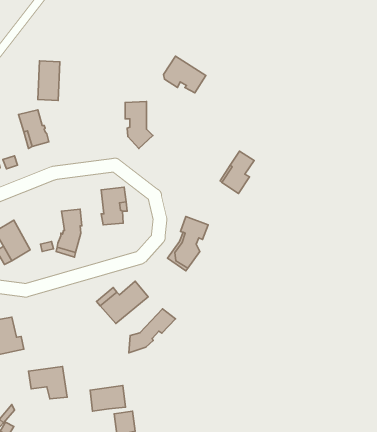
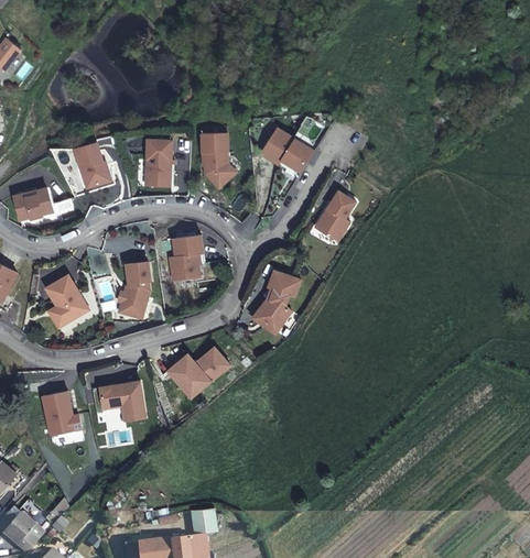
building: [164,56,206,93] -> [253,123,304,167]
building: [38,61,60,100] -> [145,140,172,187]
building: [129,309,176,353] -> none
building: [29,367,67,399] -> [99,382,145,420]
building: [90,386,126,411] -> none

